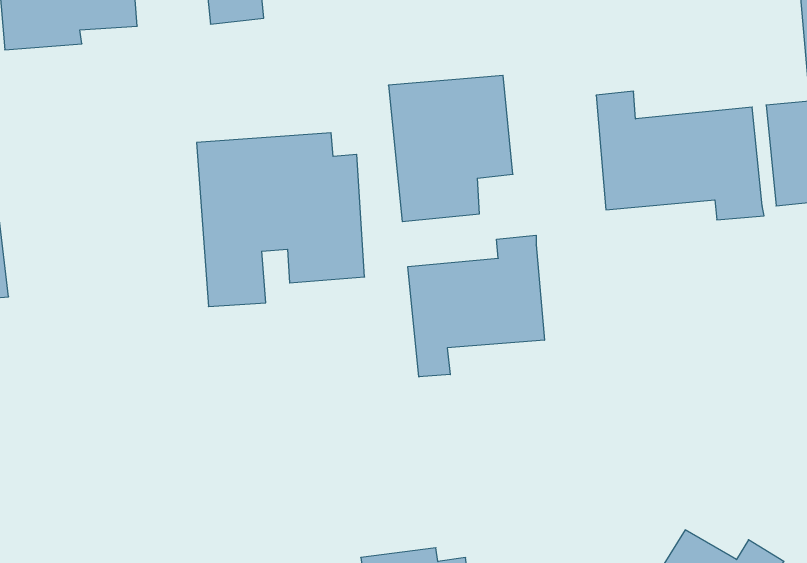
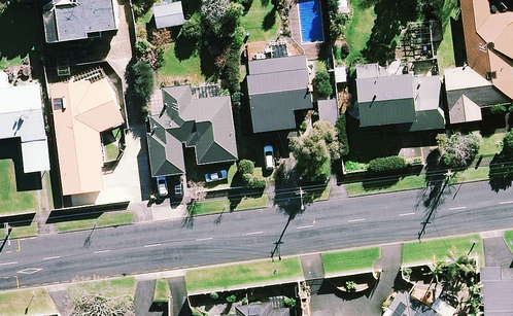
building: none -> [50,79,116,208]
building: [408,235,544,377] -> none

